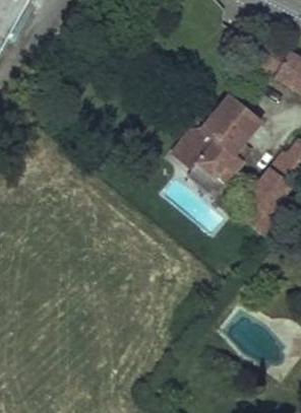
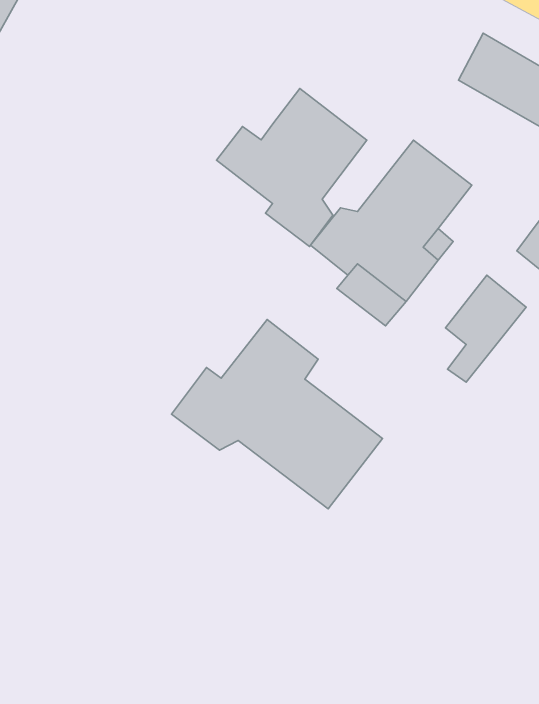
building: none -> [217,89,367,246]
building: none -> [172,320,383,509]

